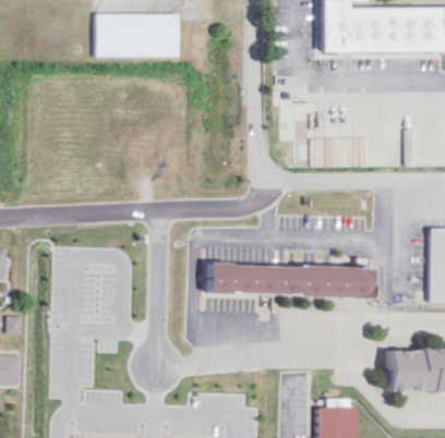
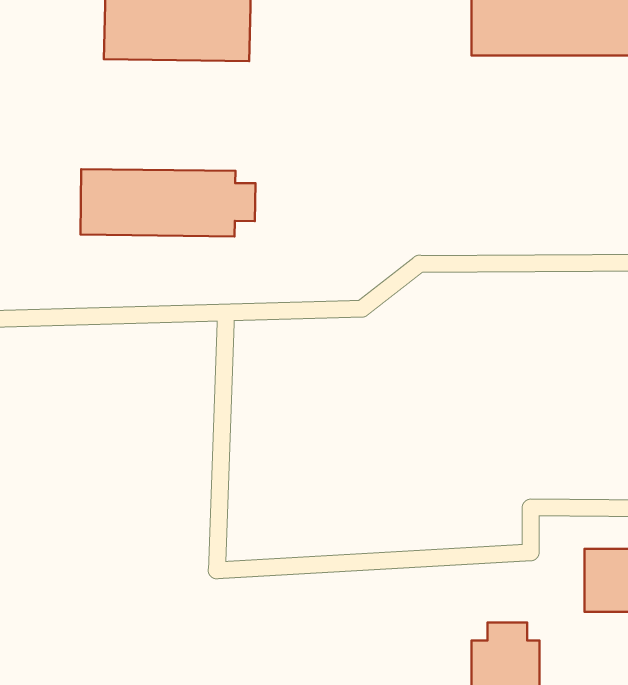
building: none -> [80,169,255,236]
building: [201,259,370,296] -> none

